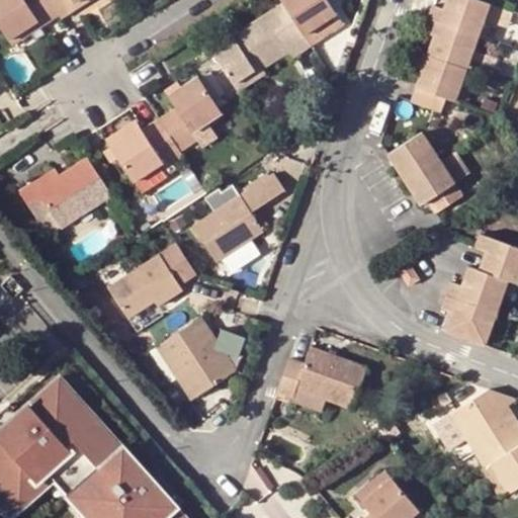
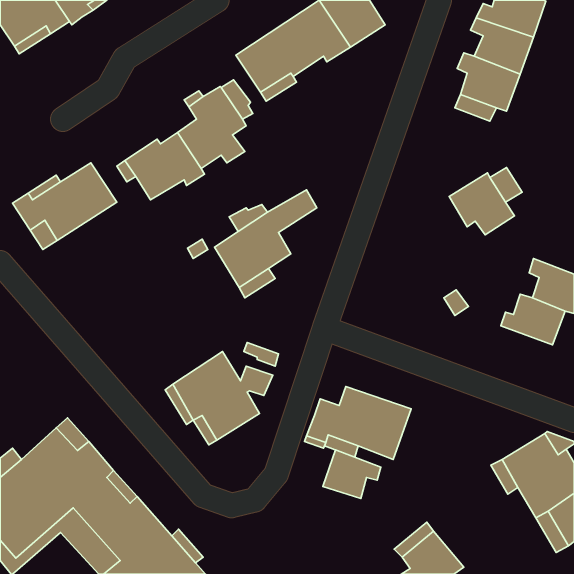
building: [390,131,439,177] -> none
building: [106,242,195,316] -> none
building: [445,293,498,344] -> none
building: none -> [323,450,381,498]

